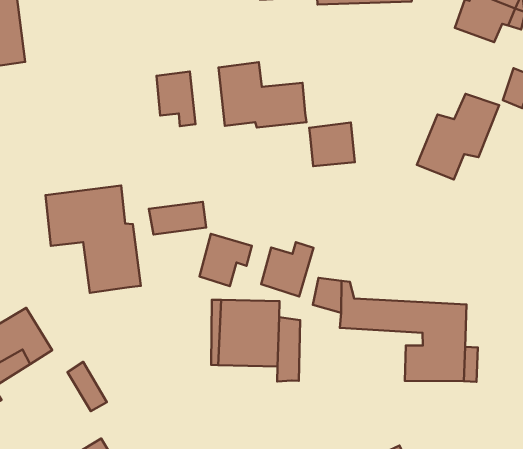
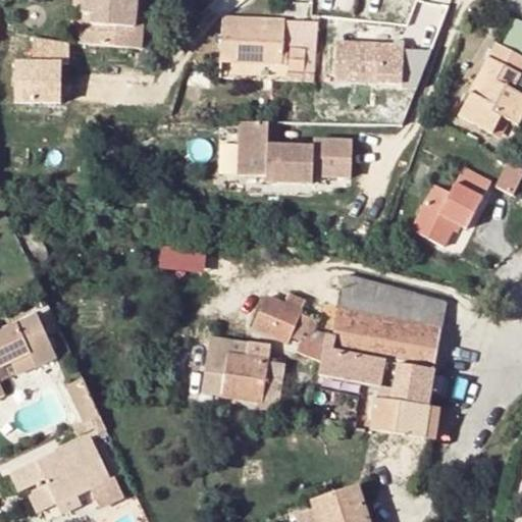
building: [157,71,195,126] -> none
building: [309,123,355,166] -> [312,142,351,177]
building: [46,186,141,293] -> none
building: none -> [332,274,446,366]
building: [199,234,252,286] -> none

